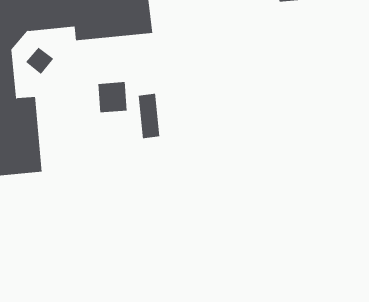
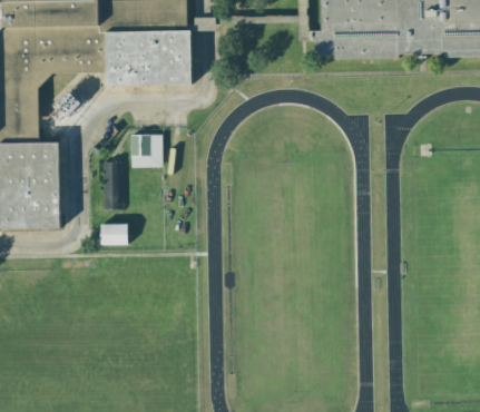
building: [138,93,160,139] -> [99,159,120,208]
building: none -> [98,222,125,243]

